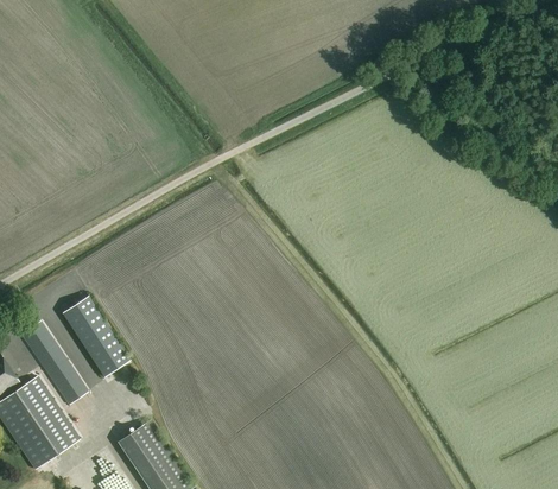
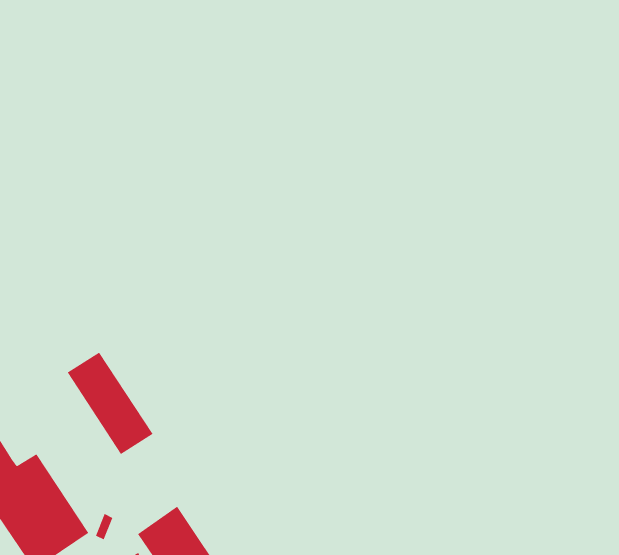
building: [19,320,88,405] -> none

